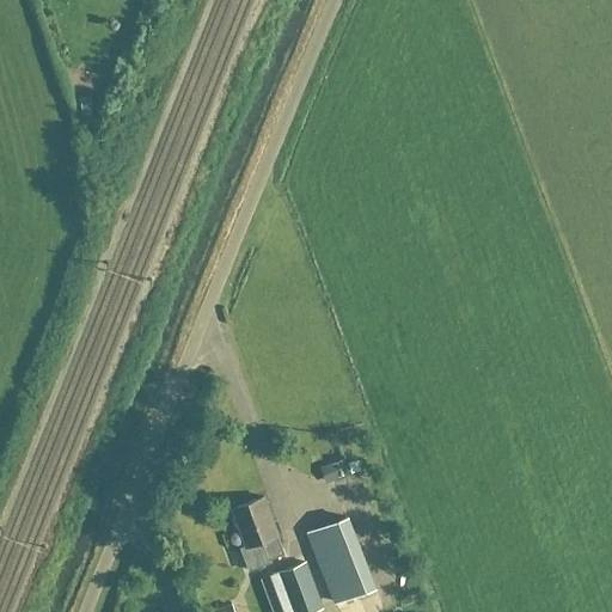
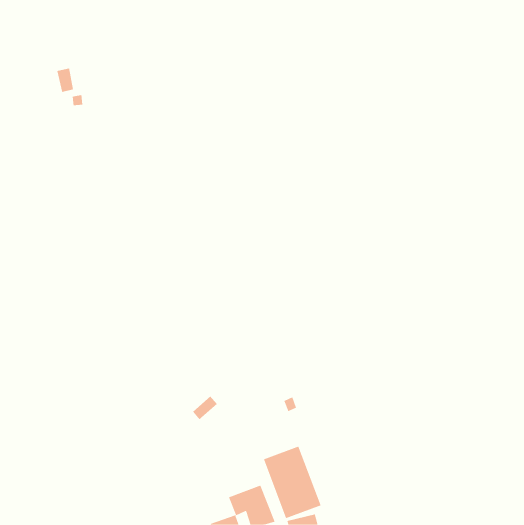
building: [232,498,284,571] -> none

